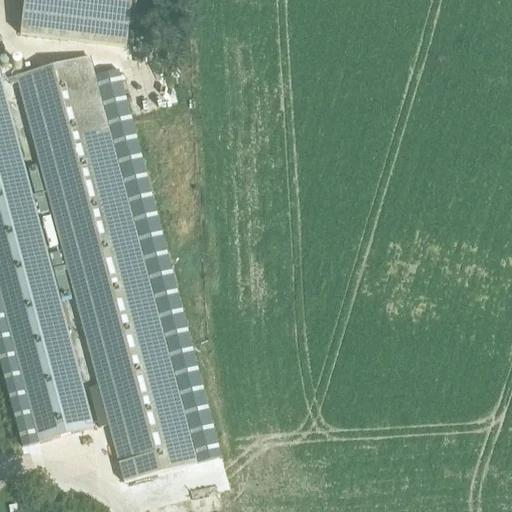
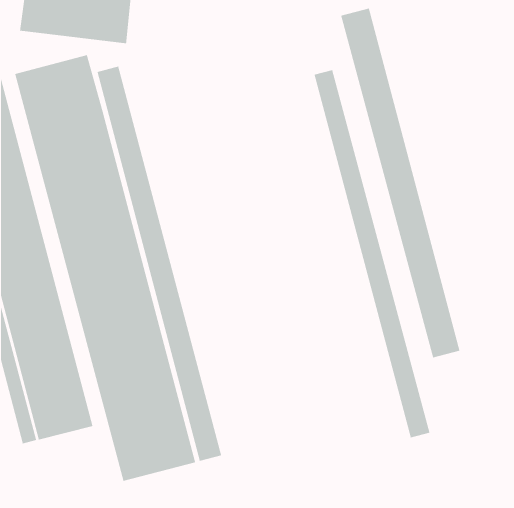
building: none -> [340,7,461,359]
building: none -> [313,69,430,439]

